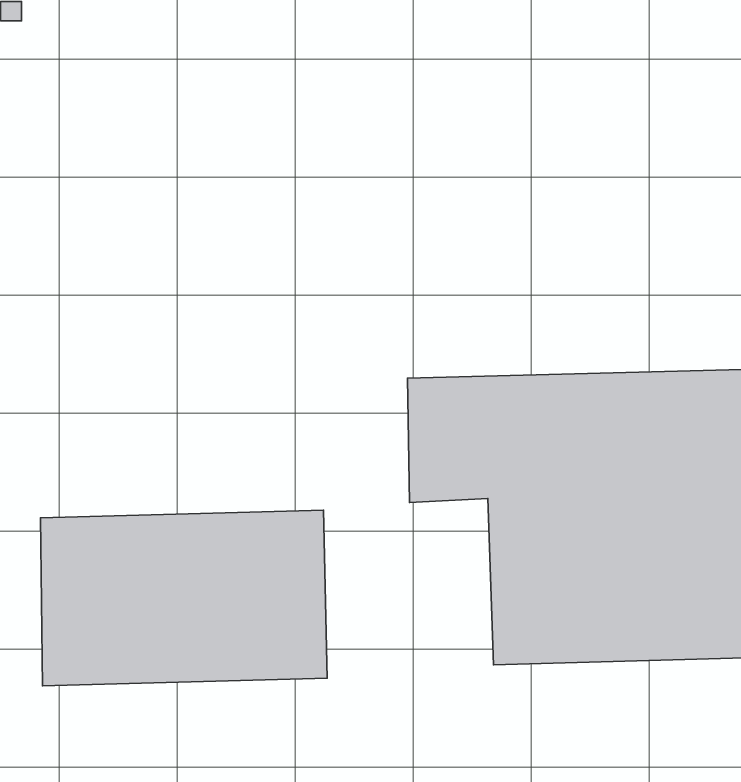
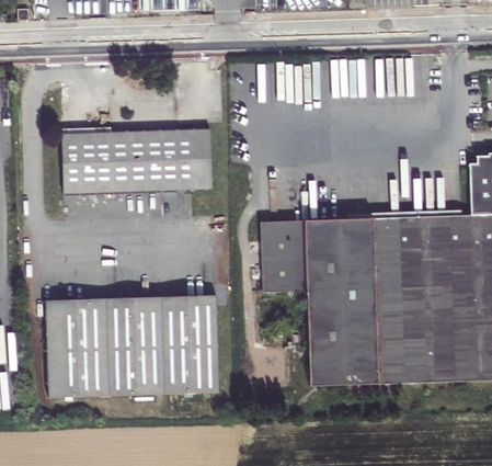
building: none -> [64,128,206,194]

